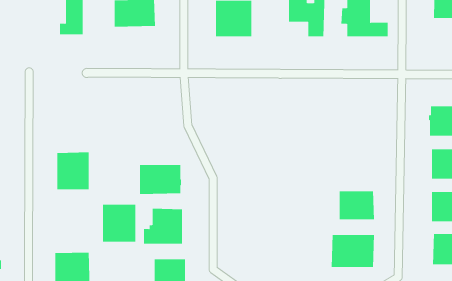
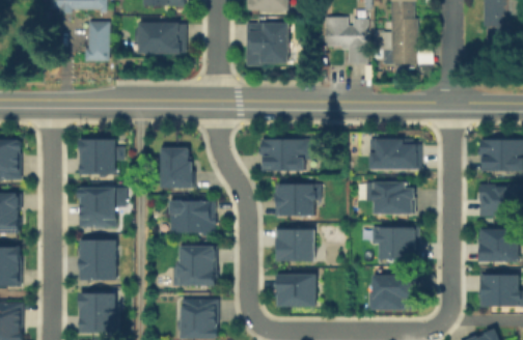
building: none -> [76,138,112,173]
building: none -> [256,138,309,170]
building: none -> [367,138,417,168]
building: none -> [158,147,189,187]
building: none -> [362,181,411,214]
building: none -> [274,183,321,217]
building: none -> [278,230,314,261]
building: [102,204,136,242] -> [79,239,115,280]
building: none -> [275,274,315,307]

